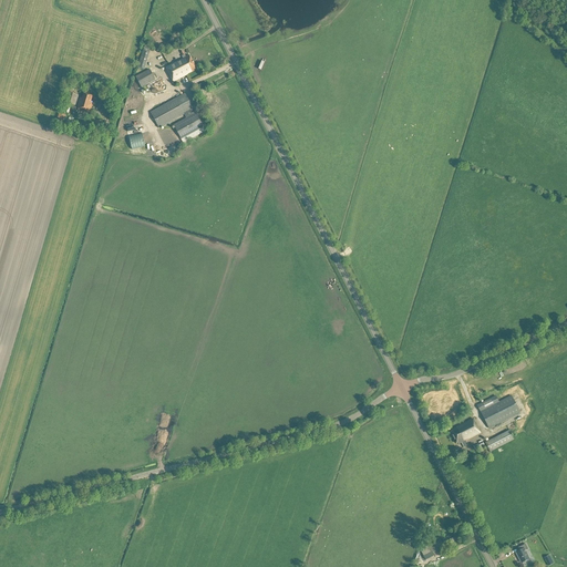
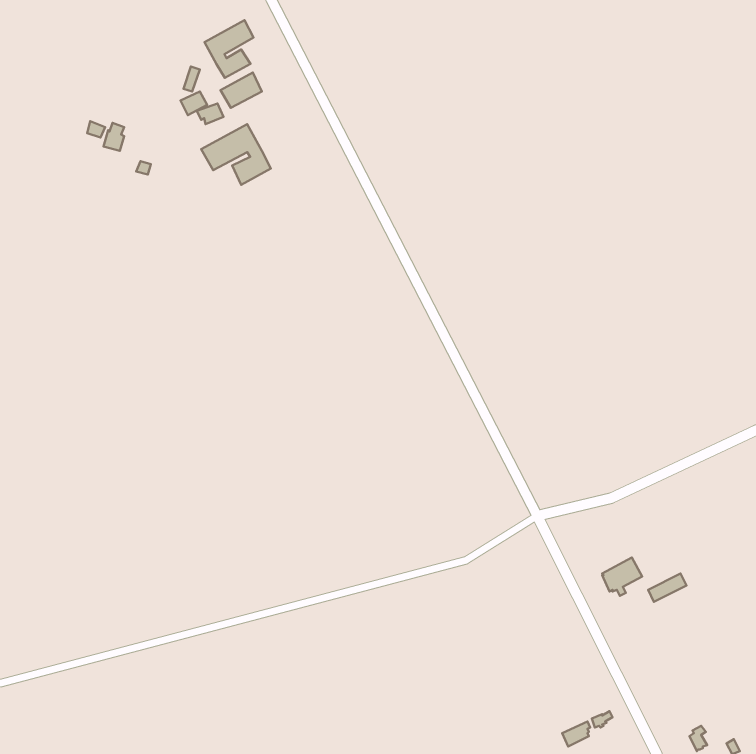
building: none -> [205,20,254,78]
building: [477,395,519,427] -> none

